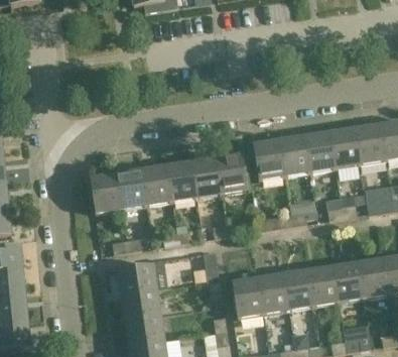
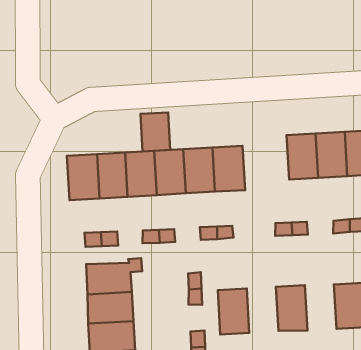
building: none -> [140,112,170,151]
building: [253,138,285,181] -> none
building: [308,264,340,307] -> none
building: [258,271,289,314] -> none

